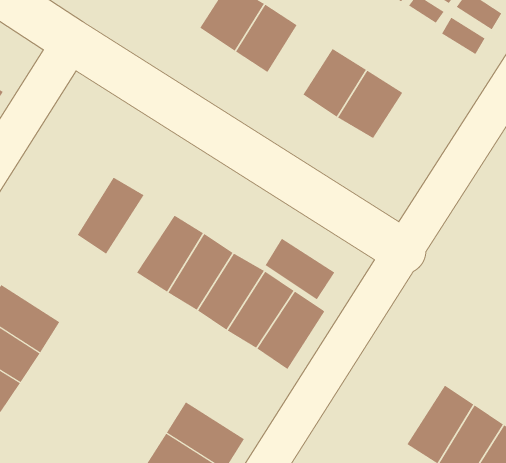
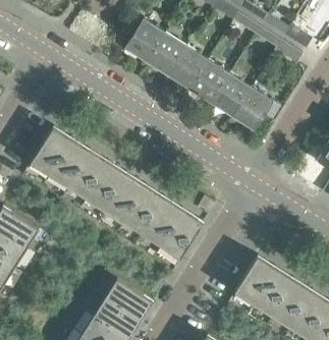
building: none -> [167,46,207,89]
building: none -> [232,88,272,131]
building: none -> [30,127,71,175]
building: none -> [67,151,109,199]
building: [265,238,335,300] -> none
building: none -> [233,256,276,304]

